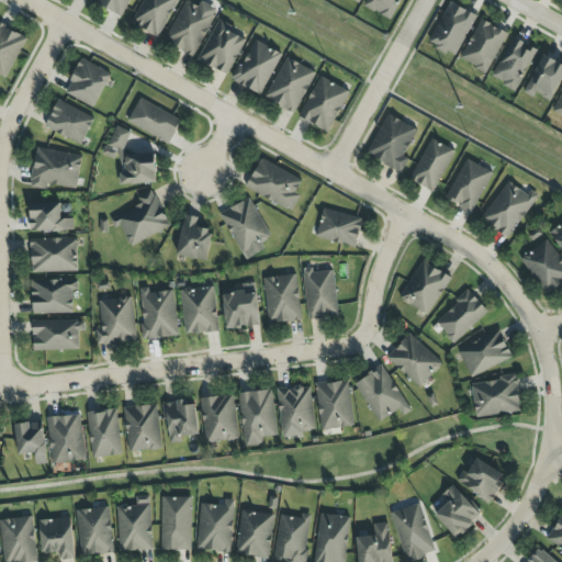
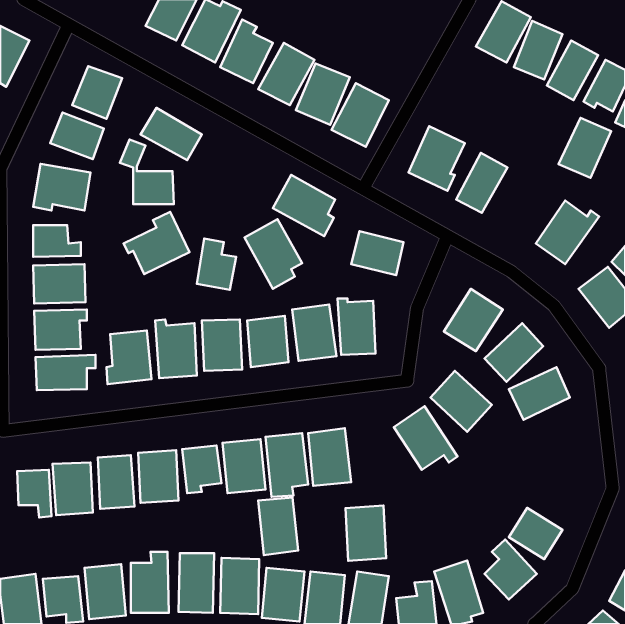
building: [445,158,492,212] -> [559,118,611,178]
building: [471,375,521,417] -> none
building: [316,380,352,429] -> [346,506,386,561]
building: none -> [258,497,298,555]

